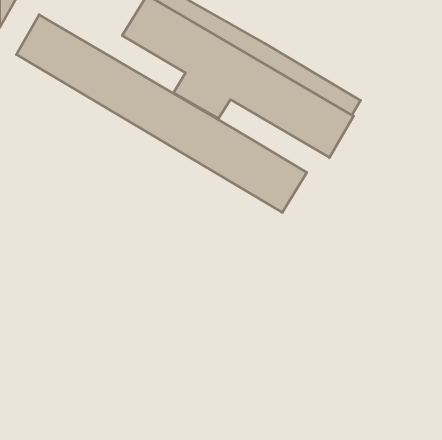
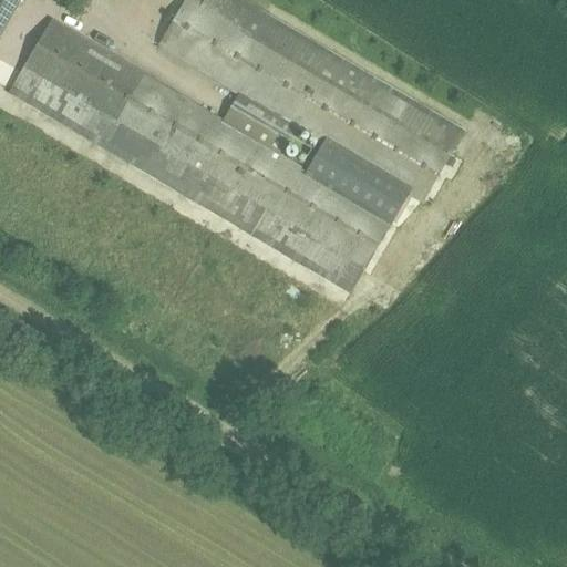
building: none -> [8,70,360,290]
building: none -> [305,143,406,220]

